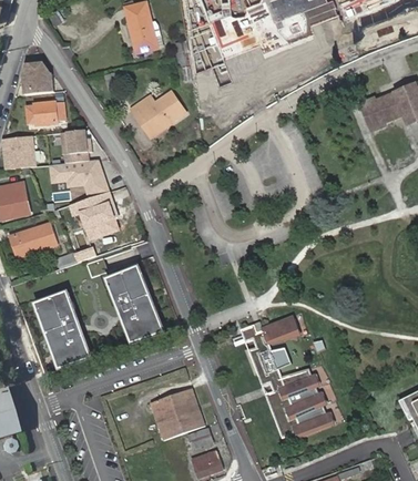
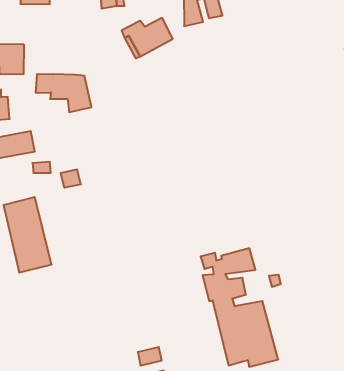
building: [27,101,68,124] -> none
building: [63,130,93,162] -> none
building: [70,191,124,239] -> none
building: [106,264,163,342] -> none
building: [151,388,205,439] -> none

